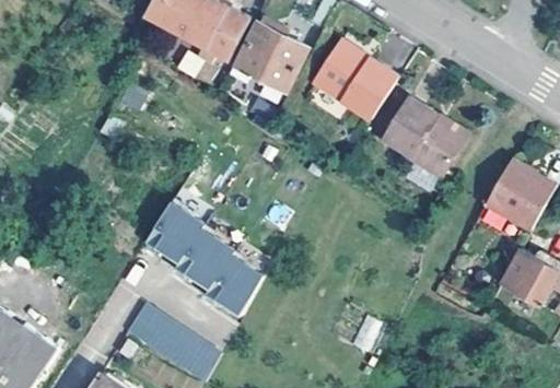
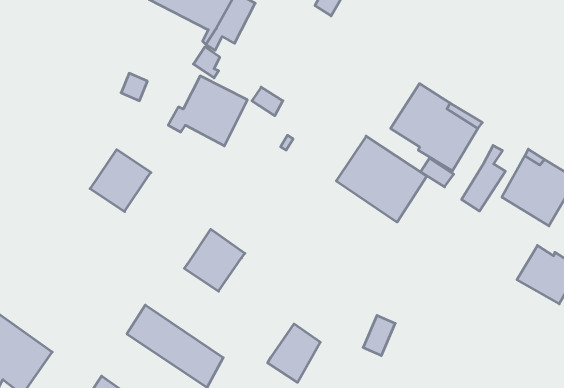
building: [229,24,304,91] -> [168,76,247,146]
building: [312,36,398,118] -> [336,136,427,222]
building: none -> [462,145,505,211]
building: [152,208,210,267] -> [90,150,151,212]
building: [211,261,261,317] -> [268,324,320,382]

